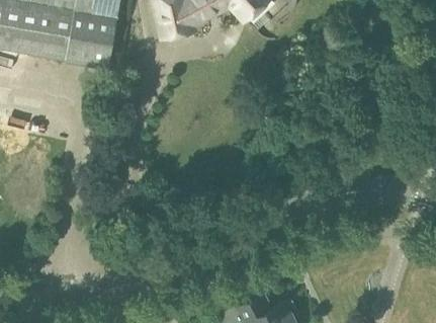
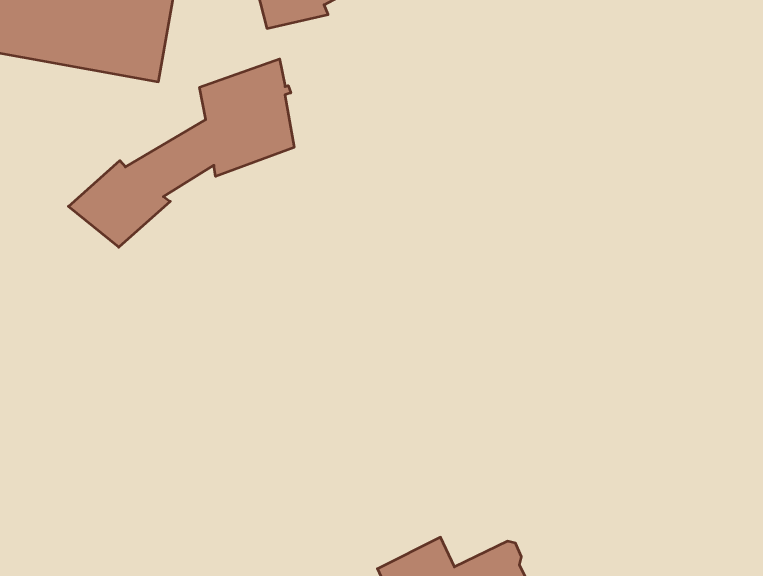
building: none -> [68,59,294,247]

